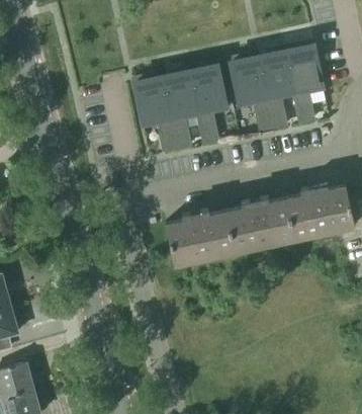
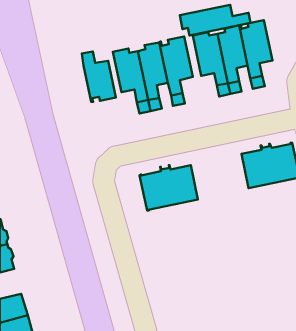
building: none -> [180,5,250,36]
building: none -> [82,51,116,102]
building: [225,198,293,252] -> none

